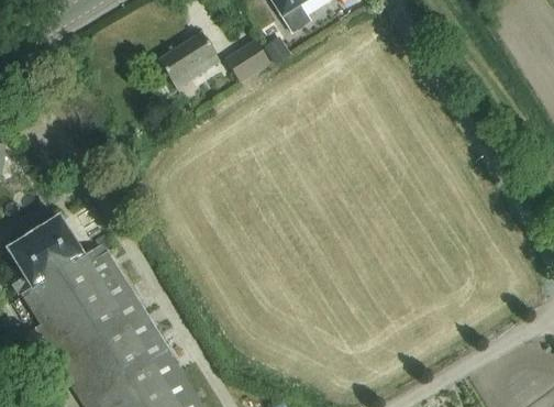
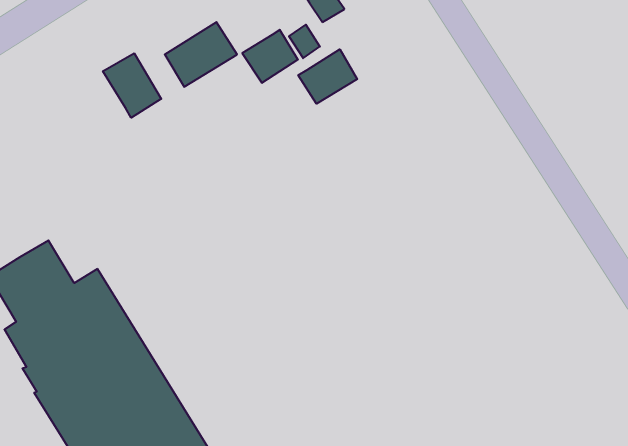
building: none -> [298,49,357,104]
building: none -> [103,53,161,118]

